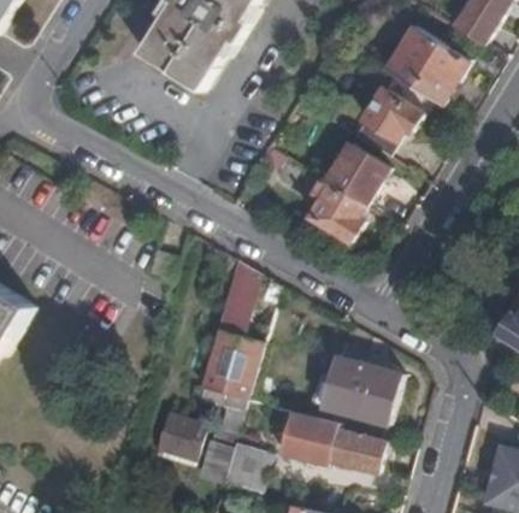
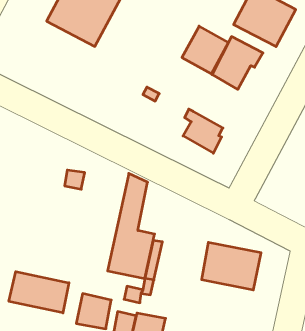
building: [324,143,387,207] -> [182,26,229,74]
building: none -> [9,272,69,313]
building: [278,409,382,471] -> none

